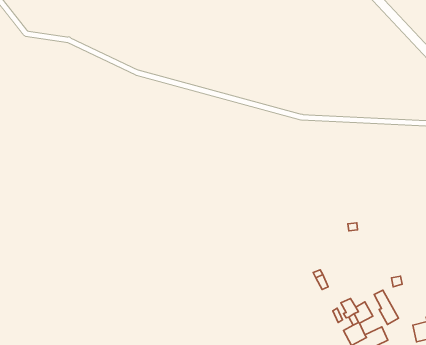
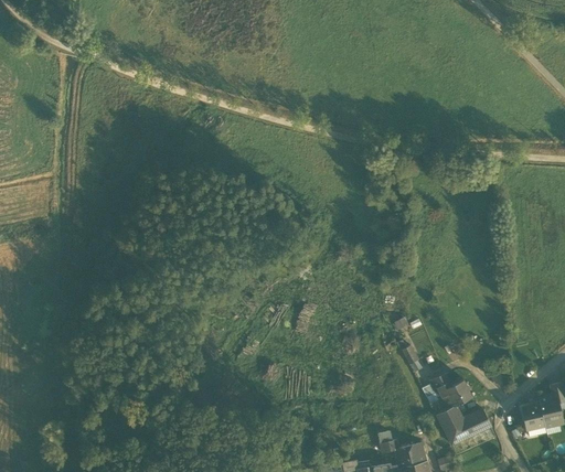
building: [374,290,399,325] -> none

